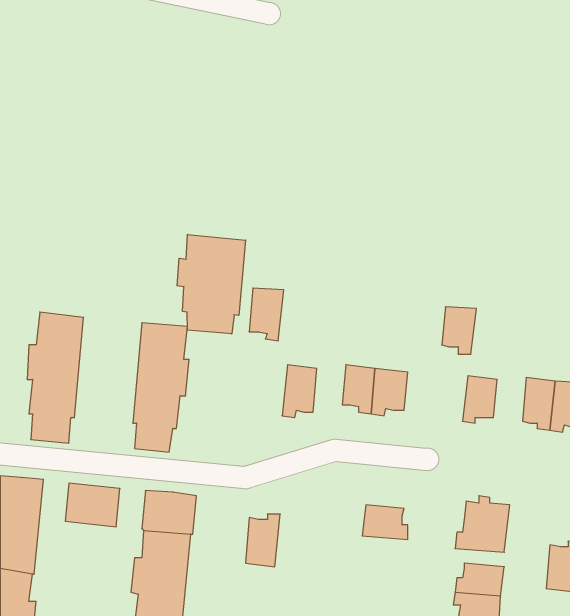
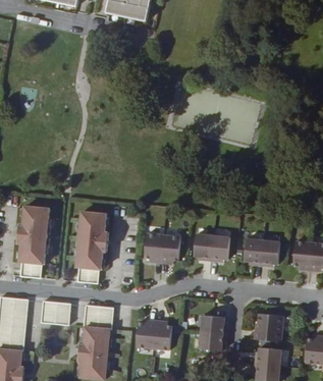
building: [177,234,246,334] -> none
building: [249,288,284,341] -> [143,234,162,264]
building: [442,307,476,354] -> [244,240,263,267]
building: none -> [155,319,174,349]
building: none -> [202,331,229,349]

